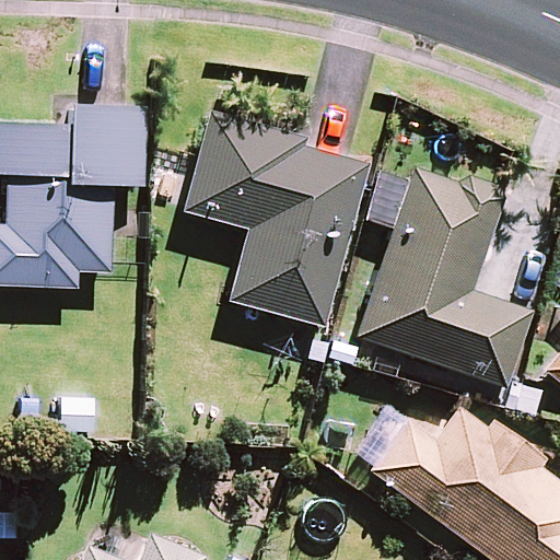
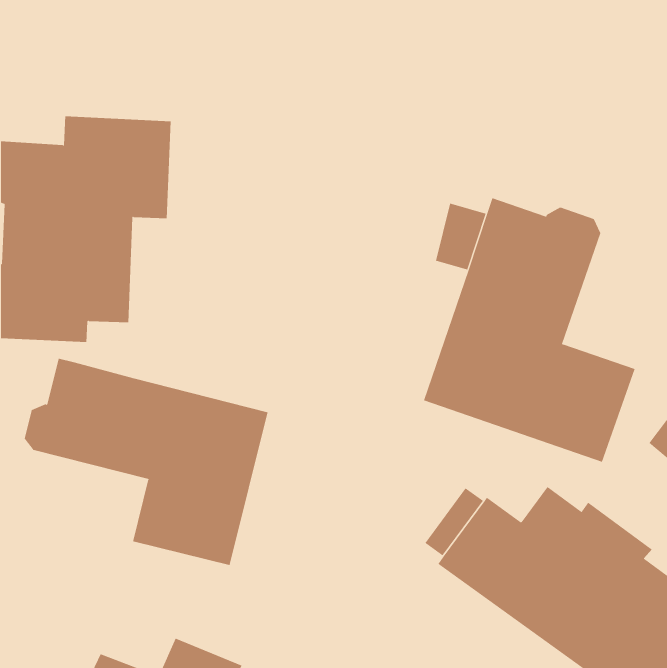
building: [186,114,366,326] -> none
building: none -> [24,358,268,566]

